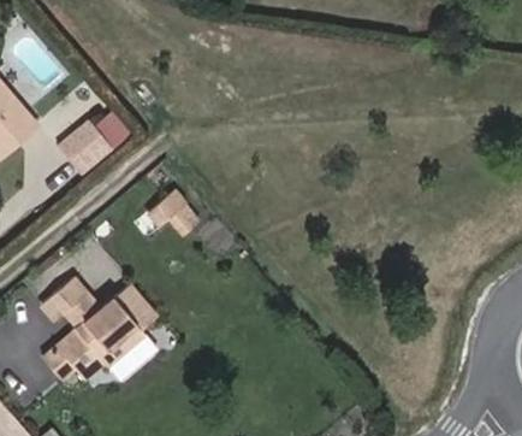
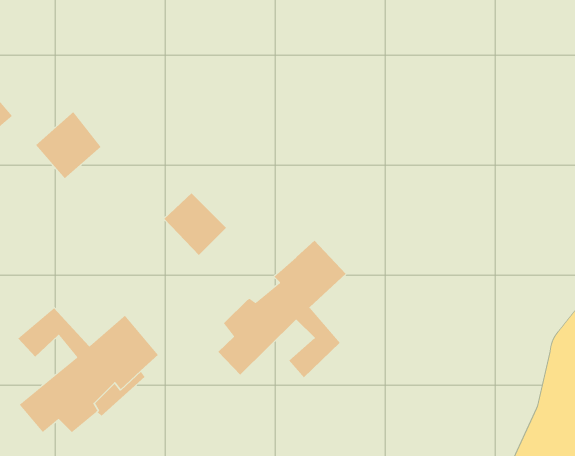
building: none -> [218,240,347,378]

